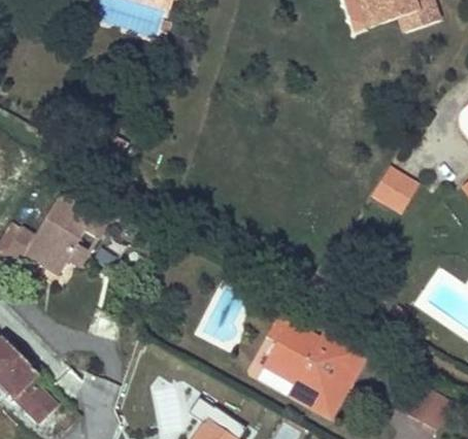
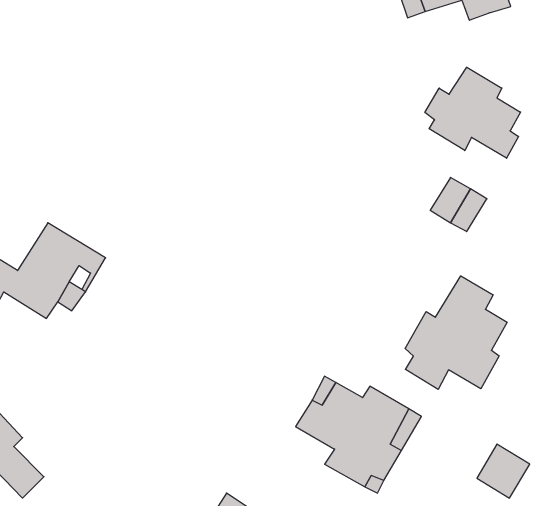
building: none -> [425,67,521,158]
building: none -> [405,276,507,389]

